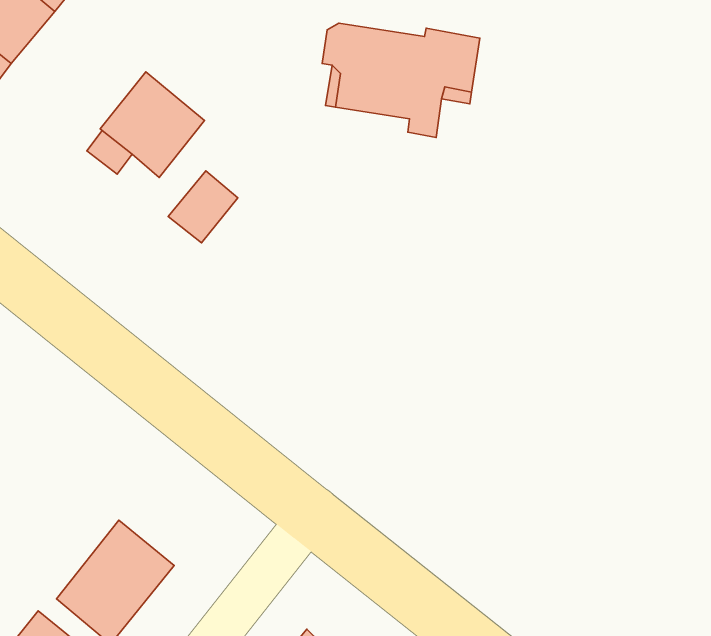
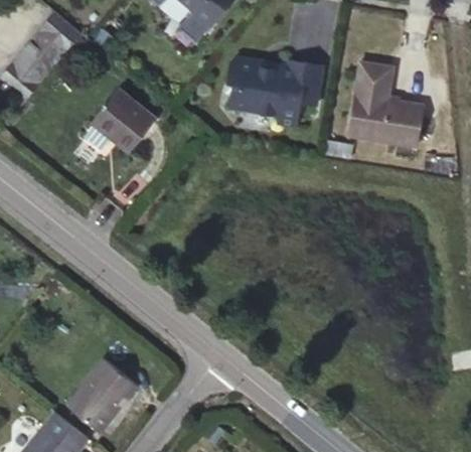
building: none -> [346,63,421,147]
building: [168,171,238,243] -> none

